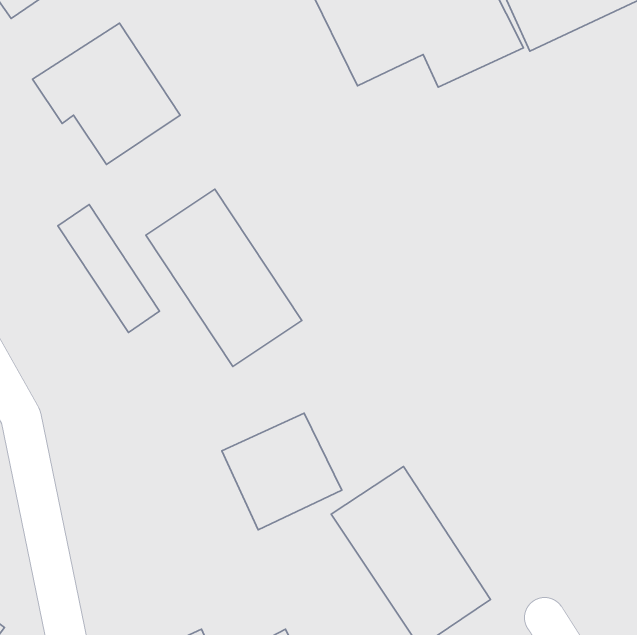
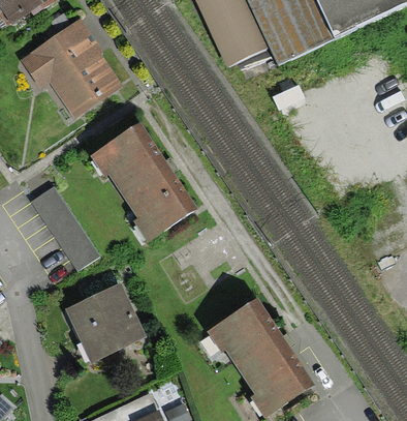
building: [58,205,160,333] -> [34,187,98,268]
building: [222,413,342,530] -> [66,287,142,360]

